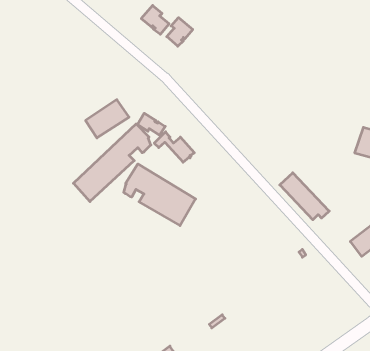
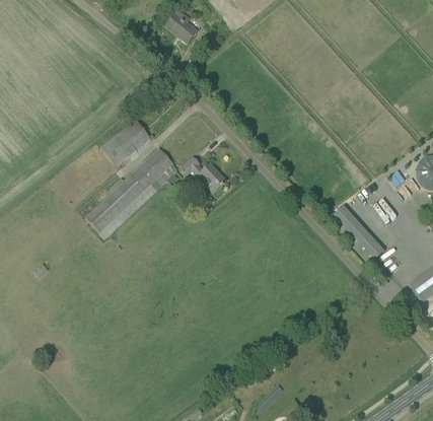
building: [167,18,193,46] -> none
building: [137,113,165,135] -> none
building: [124,164,196,226] -> none

